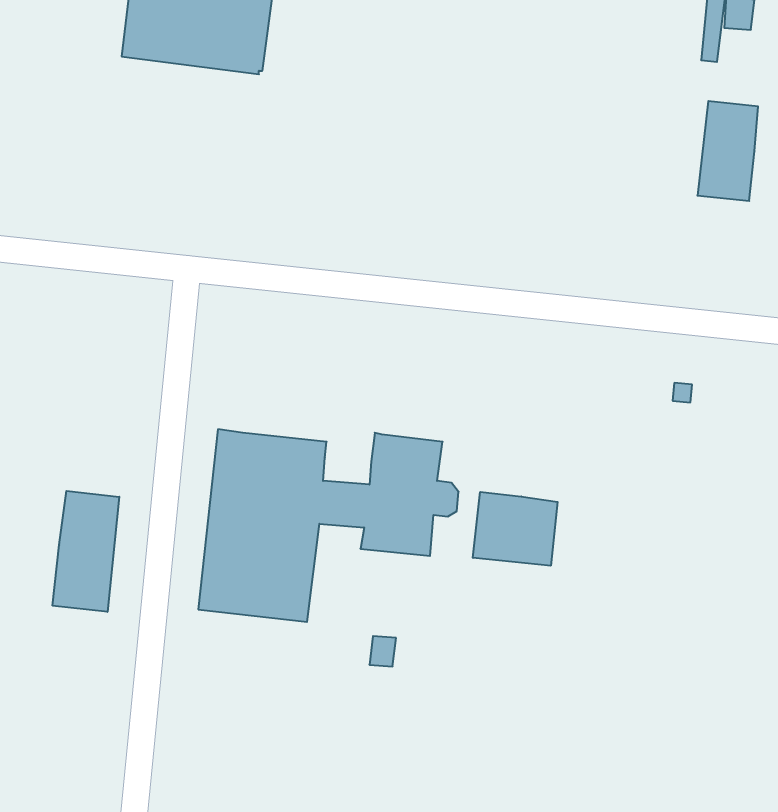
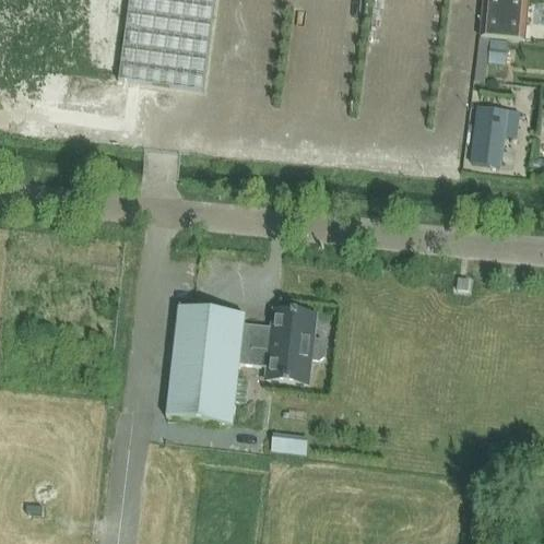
building: [53,491,119,612] -> none
building: [473,492,558,566] -> none

